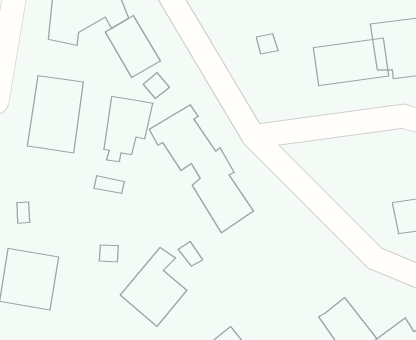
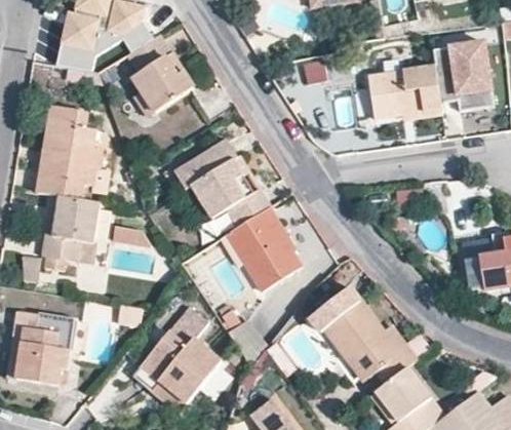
building: [104,97,153,161] -> [42,192,100,268]
building: none -> [307,287,416,386]

